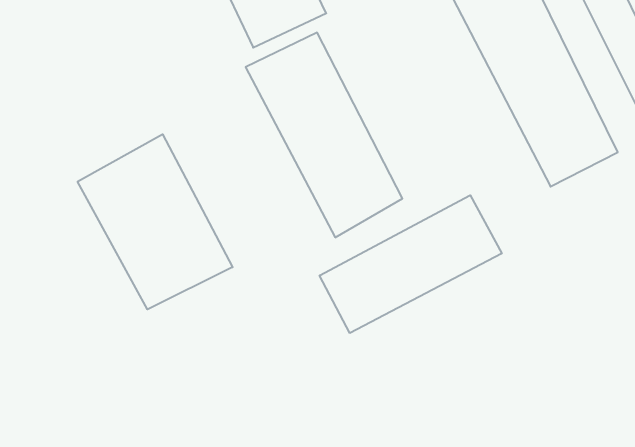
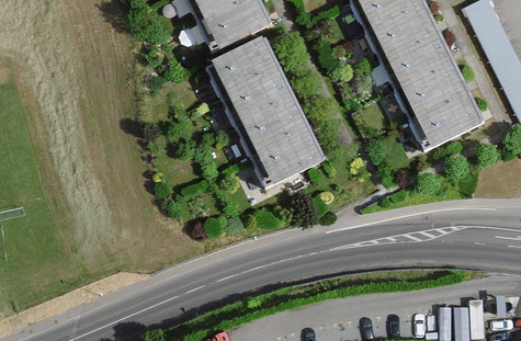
building: [78,134,233,309] -> none
building: [320,195,502,333] -> none

